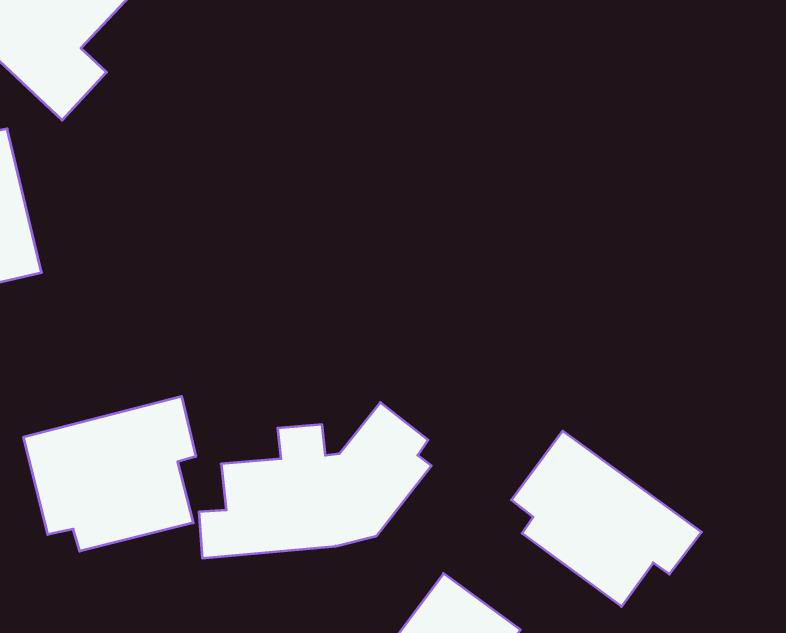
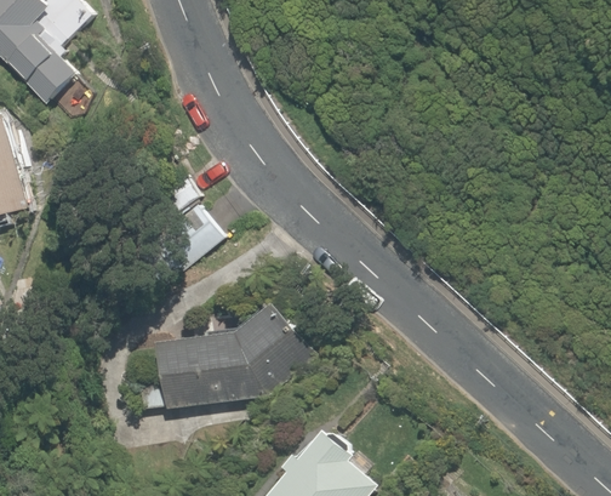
building: [24,396,196,551] -> none
building: [511,431,702,607] -> none

